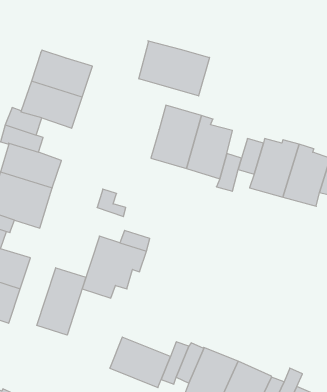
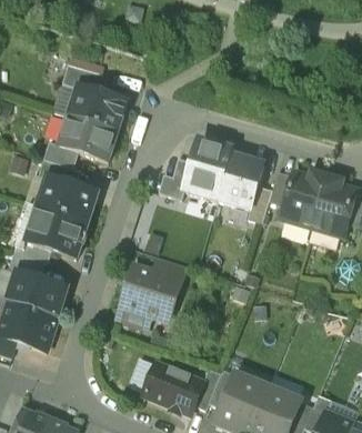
building: none -> [61,66,107,94]
building: [139,41,209,96] -> none
building: none -> [158,159,191,200]
building: [37,268,86,335] -> none

